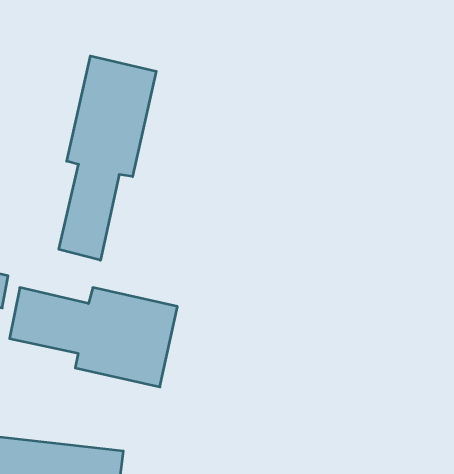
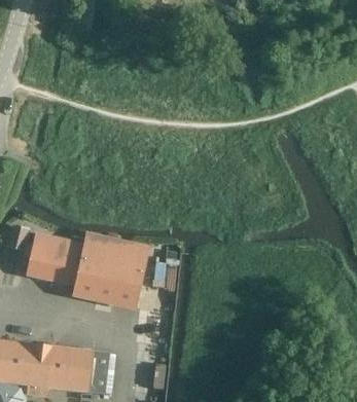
building: [59,56,156,260] -> none

